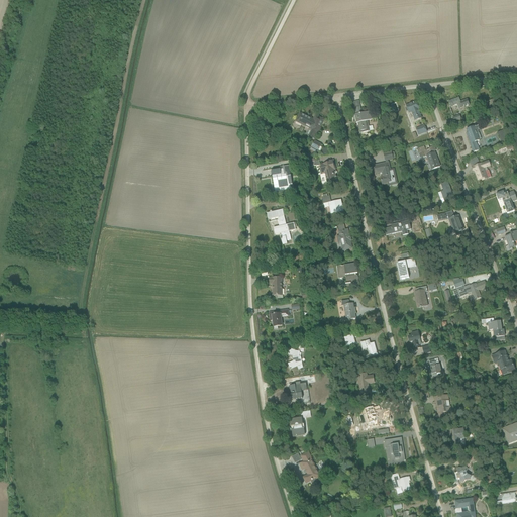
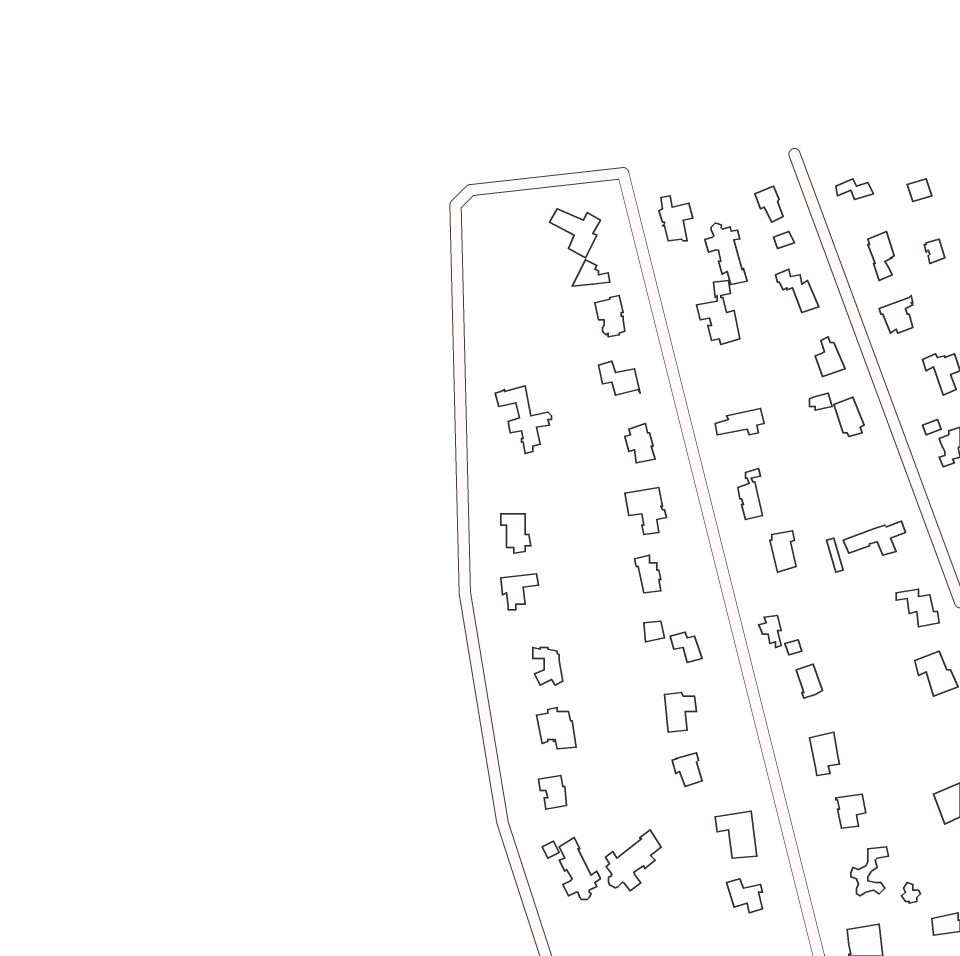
building: none -> [705,223,747,284]
building: [271,164,292,189] -> none
building: none -> [606,830,661,891]

